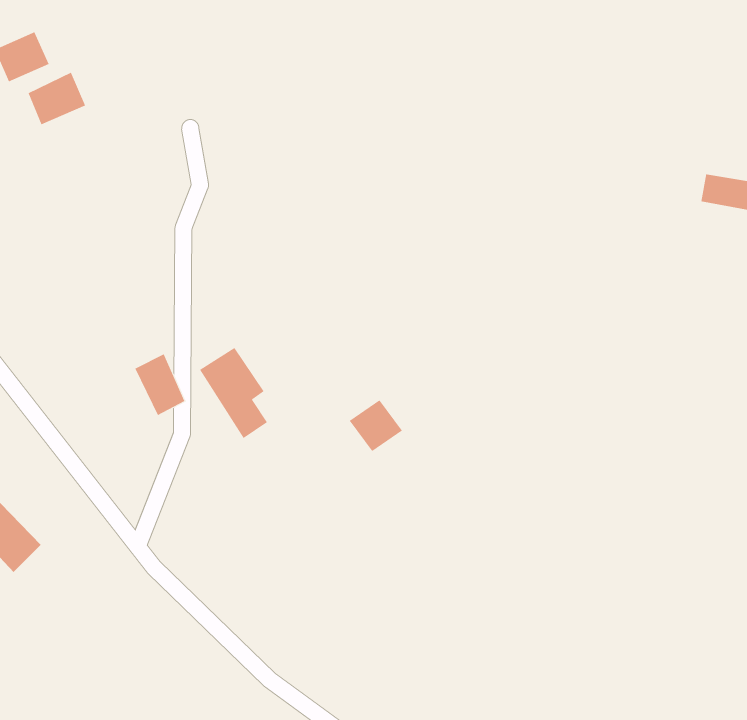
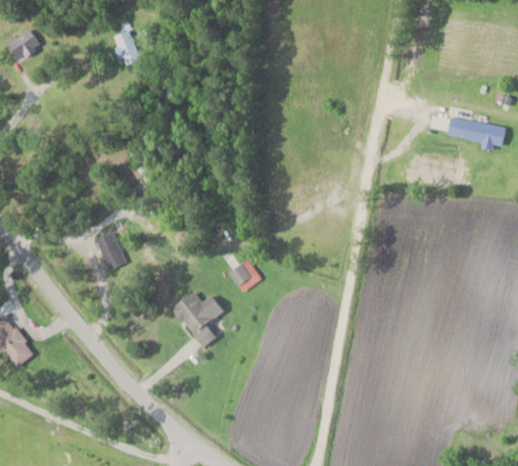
building: none -> [113,31,140,65]
building: [28,72,86,125] -> none
building: [199,347,268,439] -> [173,291,216,348]

